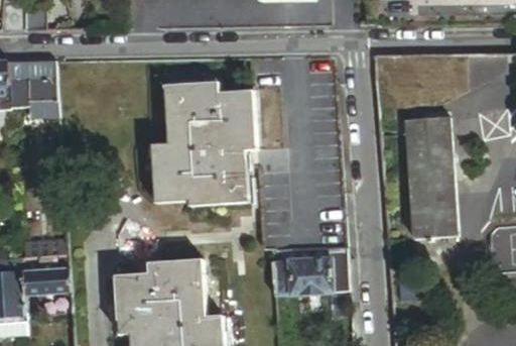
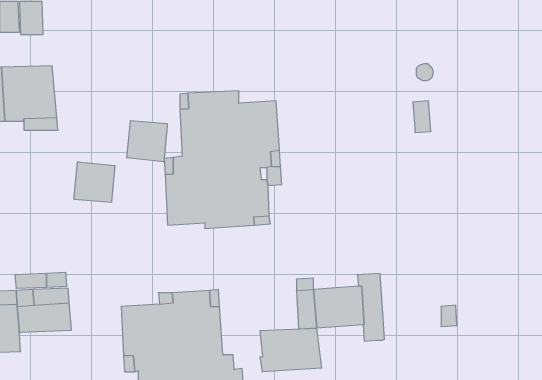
building: none -> [127,121,167,162]
building: [406,114,465,238] -> none
building: none -> [74,162,115,202]
building: none -> [260,328,321,372]

